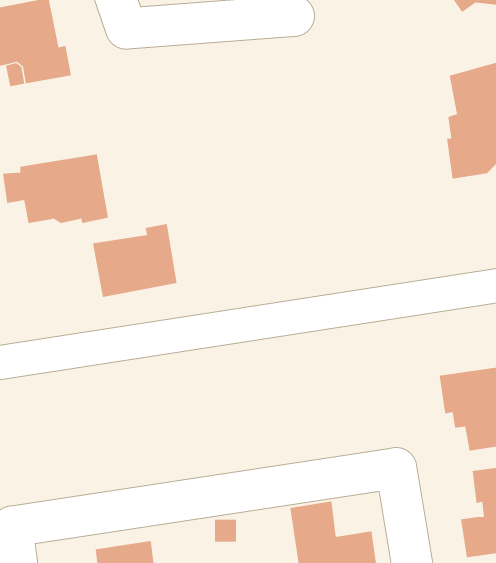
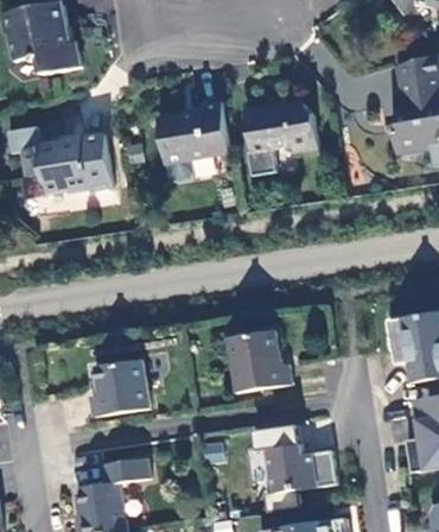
building: none -> [244,102,319,159]
building: [92,223,178,297] -> [158,102,229,164]
building: none -> [225,330,292,392]
building: none -> [89,360,148,416]

